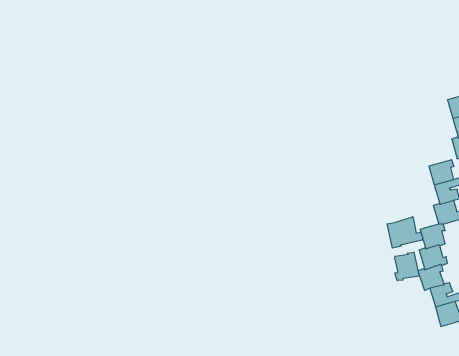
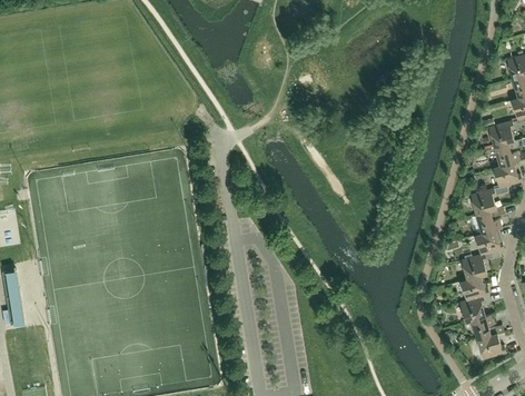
building: [387,217,423,248] -> none
building: [395,252,419,281] -> none

